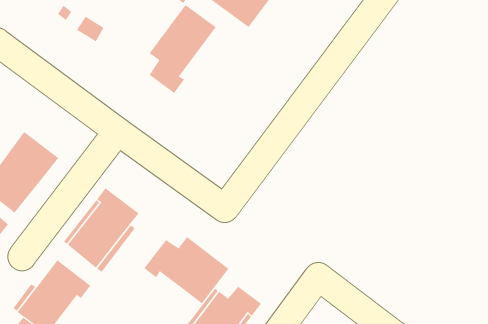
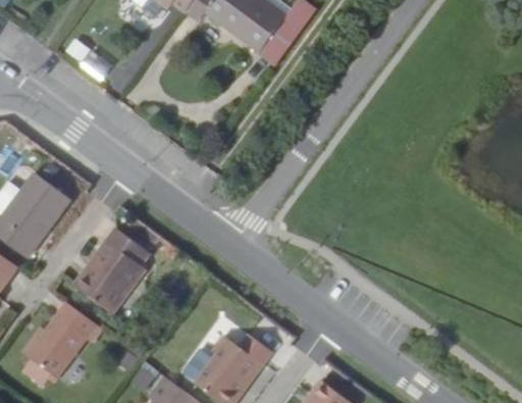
building: [149,4,216,94] -> none
building: [144,236,229,304] -> none

